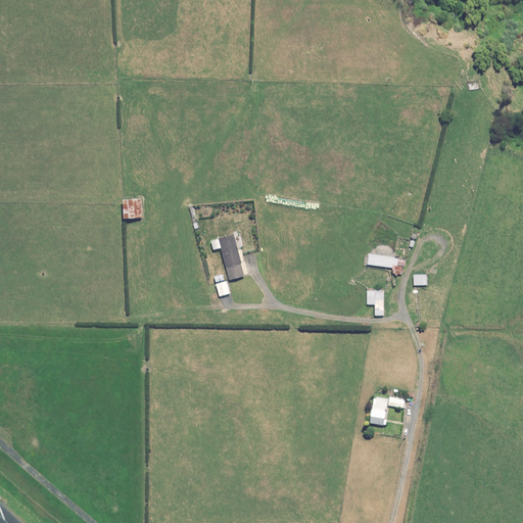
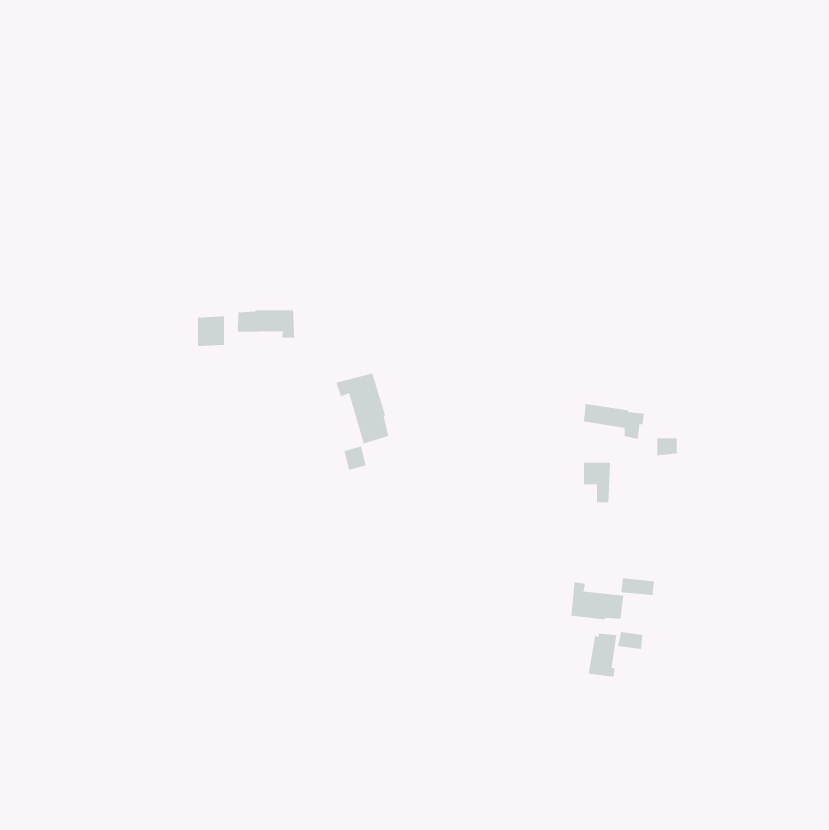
building: none -> [238,309,295,339]
building: none -> [571,581,624,620]

